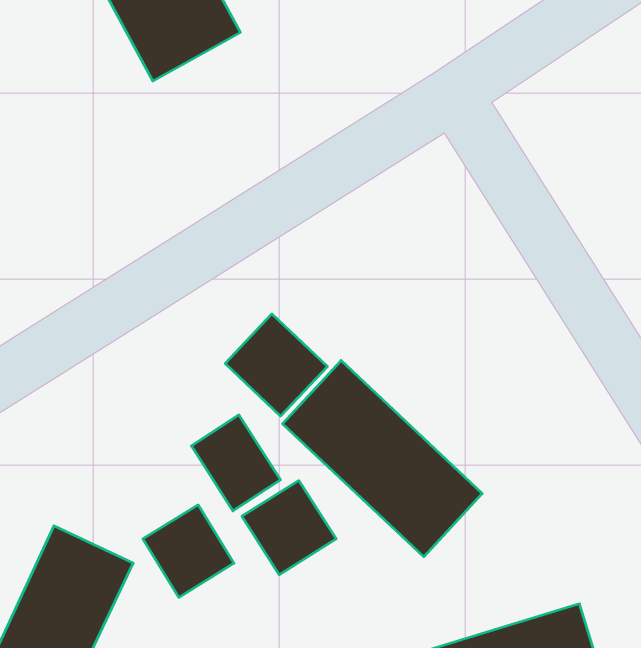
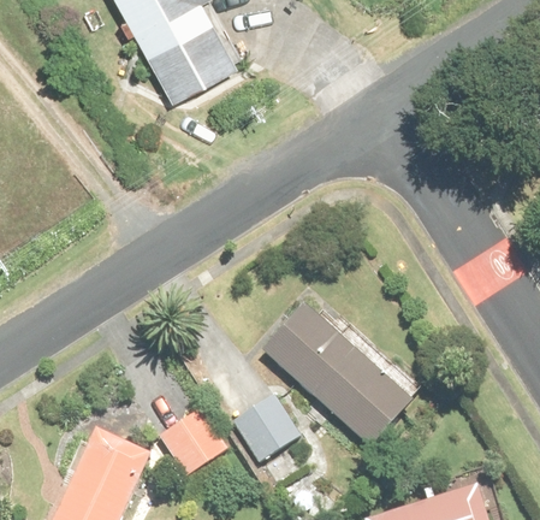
building: [225,314,327,416] -> none
building: [191,415,280,511] -> none

